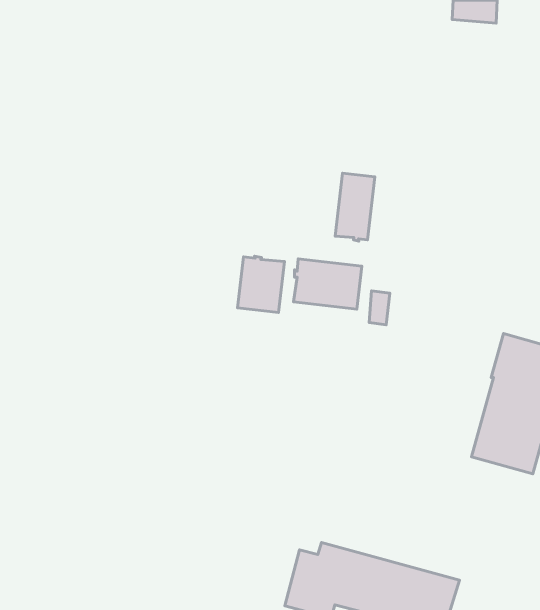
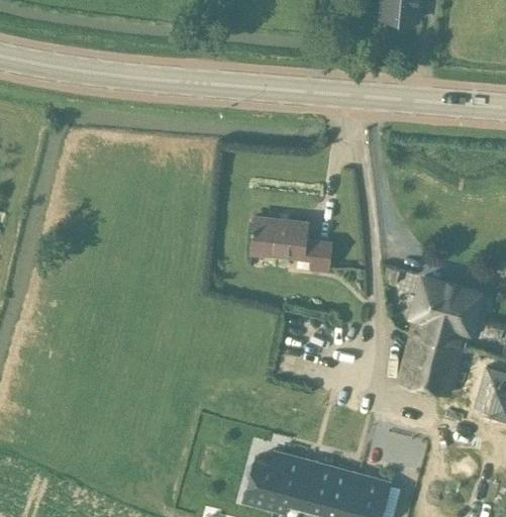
building: [335,173,375,241] -> none
building: [238,256,285,313] -> none

